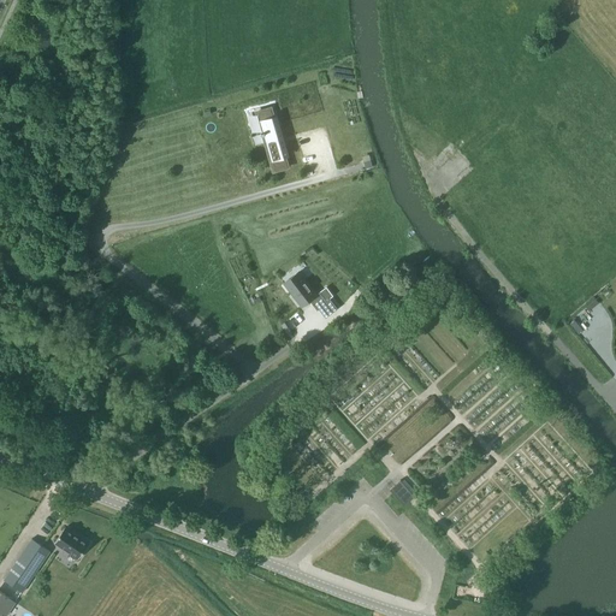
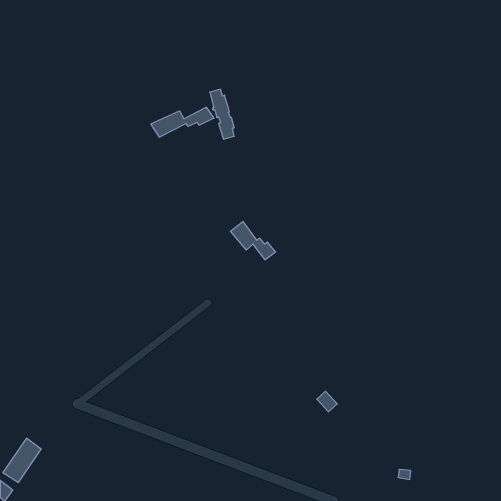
building: none -> [151,107,214,137]
building: [54,528,88,559] -> none

